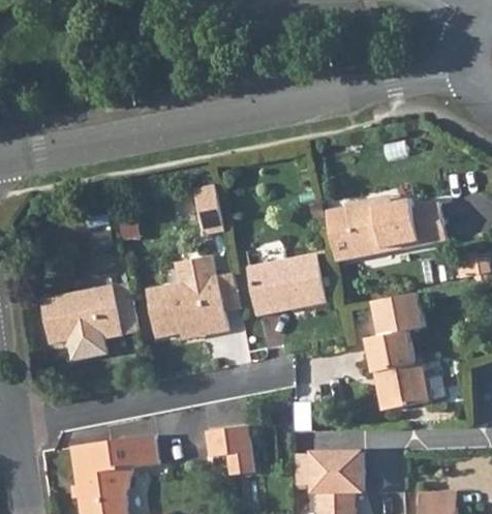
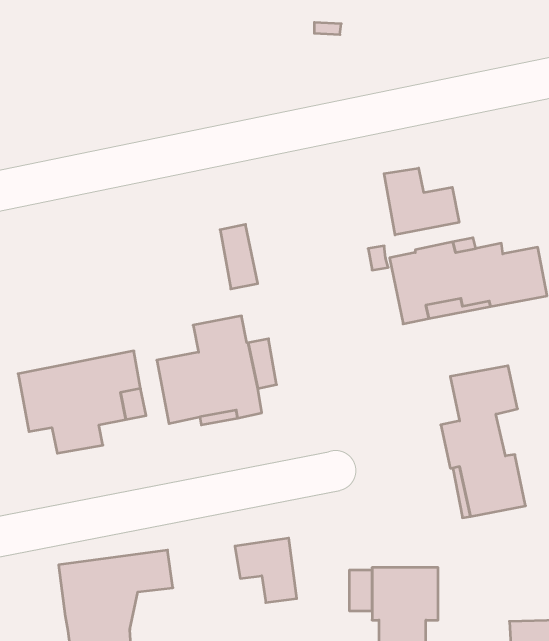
building: none -> [384,168,459,235]
building: [245,253,326,315] -> none

